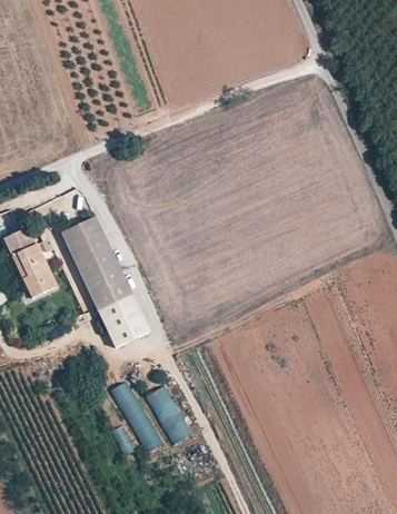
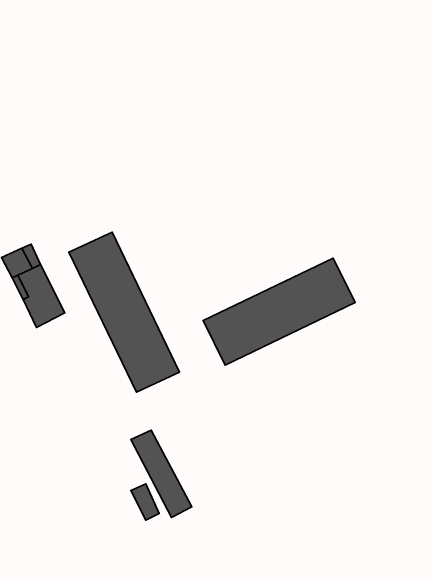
building: none -> [203,258,355,365]
building: [146,384,190,443] -> none

